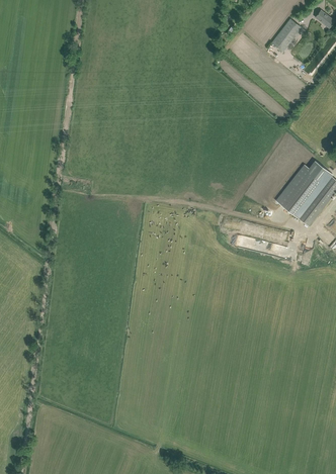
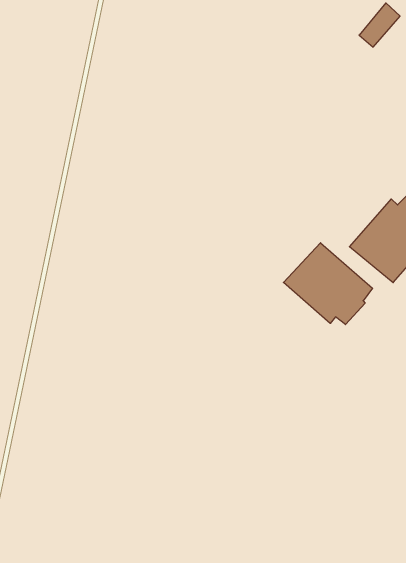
building: none -> [283,243,373,325]

